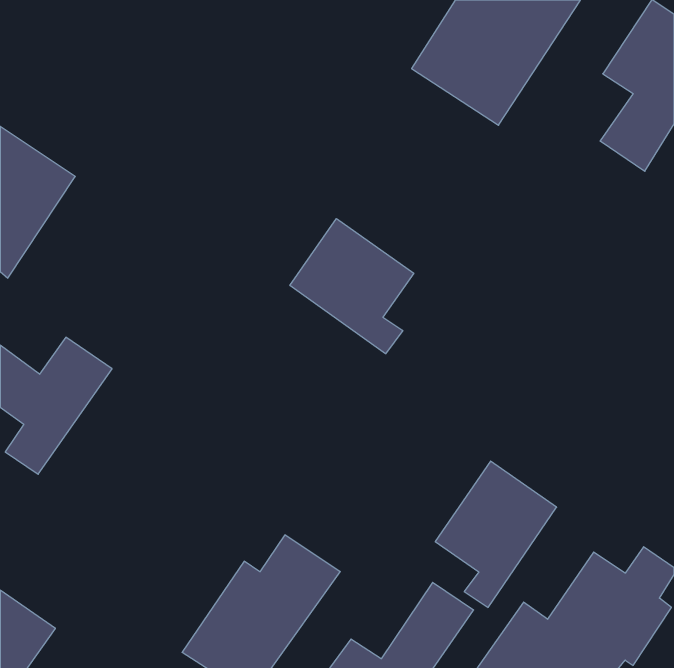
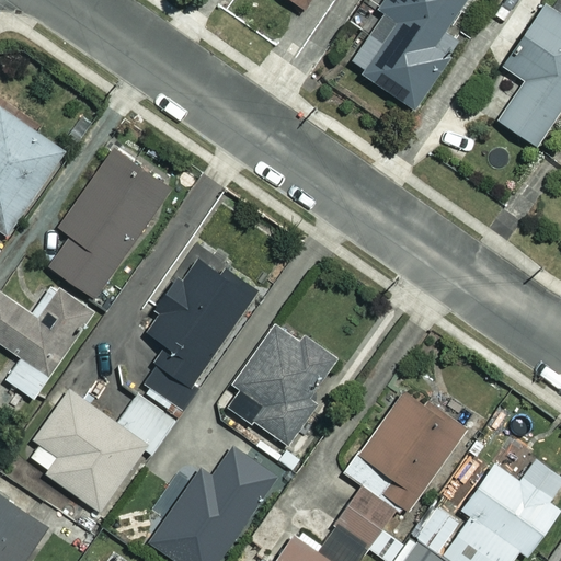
building: none -> [47,150,170,298]
building: [290,219,414,354] -> none
building: none -> [139,256,253,410]
building: none -> [226,323,332,445]
building: none -> [22,390,174,512]

